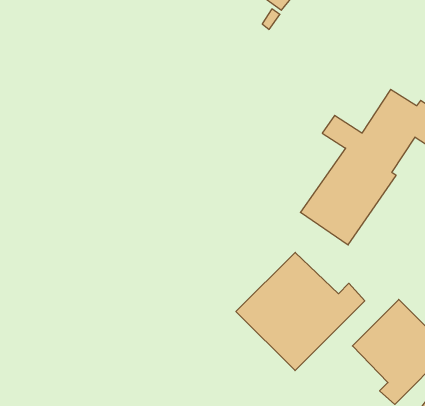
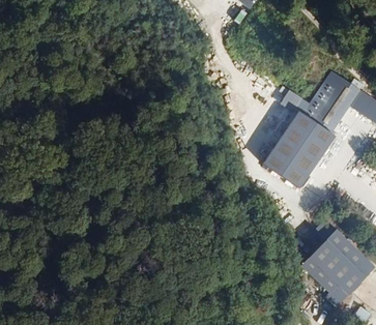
building: [236,252,365,371] -> none

